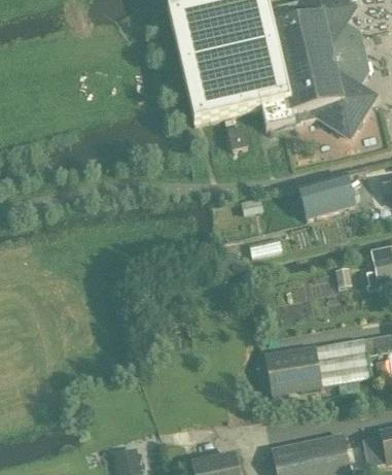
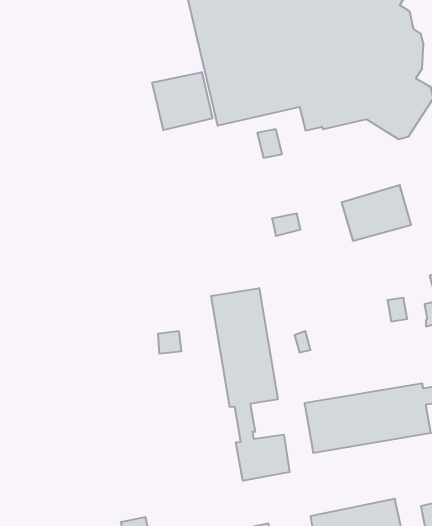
building: none -> [152,72,212,130]
building: none -> [211,288,289,481]

